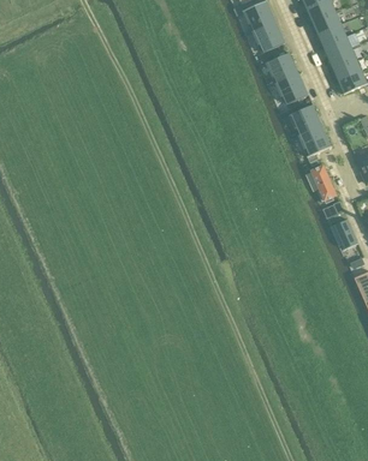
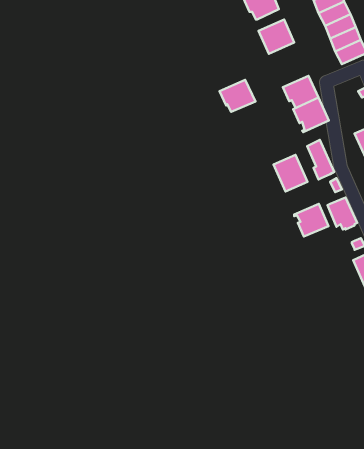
building: [274,73,308,103] -> [220,80,255,112]
building: none -> [274,155,307,191]
building: none -> [294,204,329,237]

